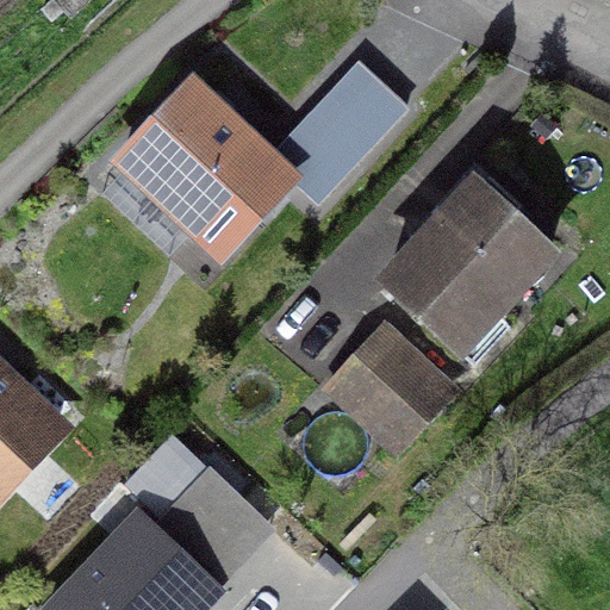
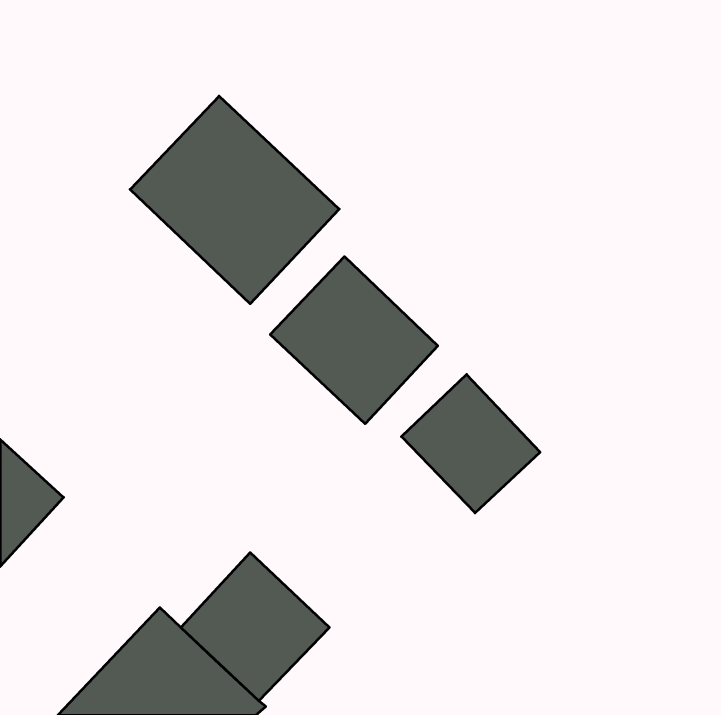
building: [280,56,407,186] -> none
building: [376,181,561,367] -> none
building: none -> [270,257,438,424]

